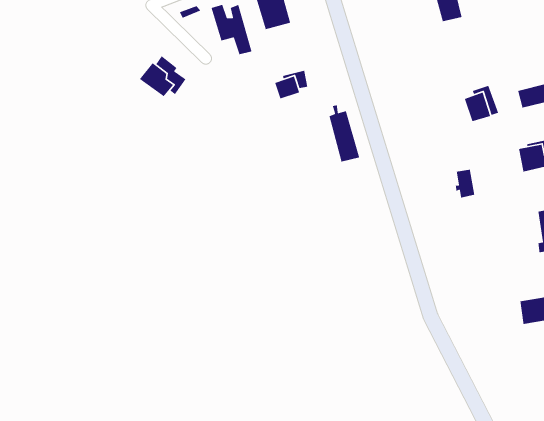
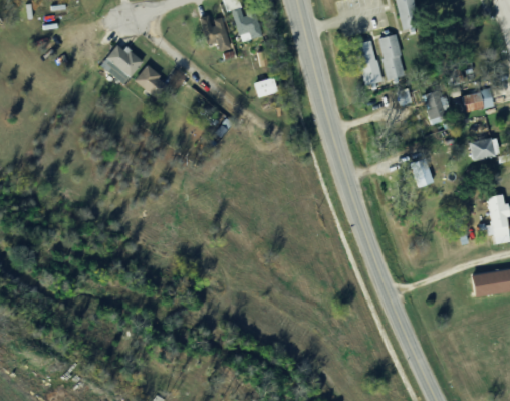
building: none -> [376,29,405,81]
building: none -> [102,48,141,83]
building: [328,104,360,162] -> [354,36,382,87]

